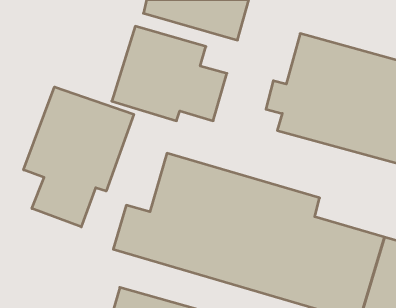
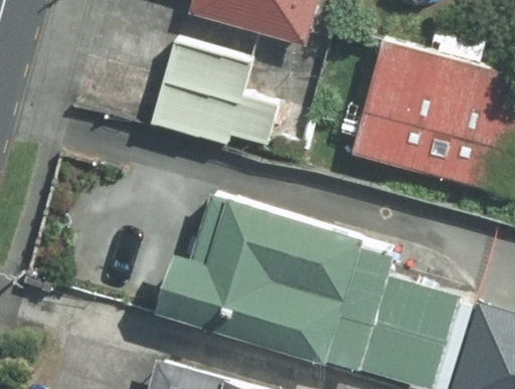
building: [24,87,134,227] -> none

